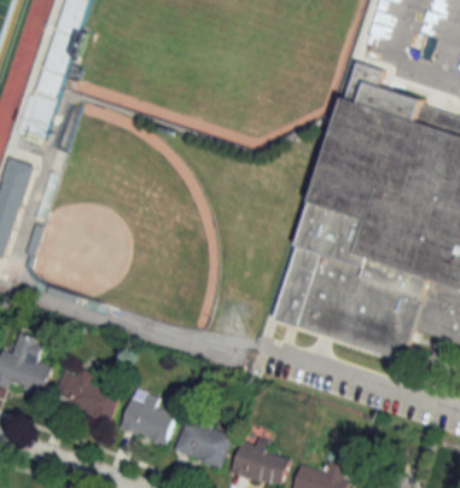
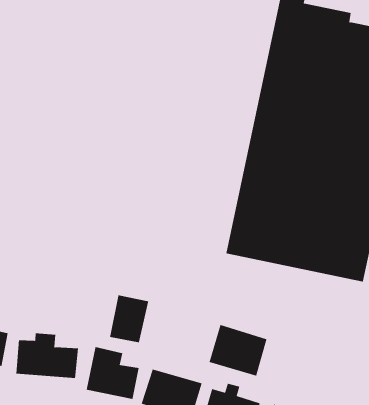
building: none -> [110,294,149,343]
building: none -> [209,324,267,376]

